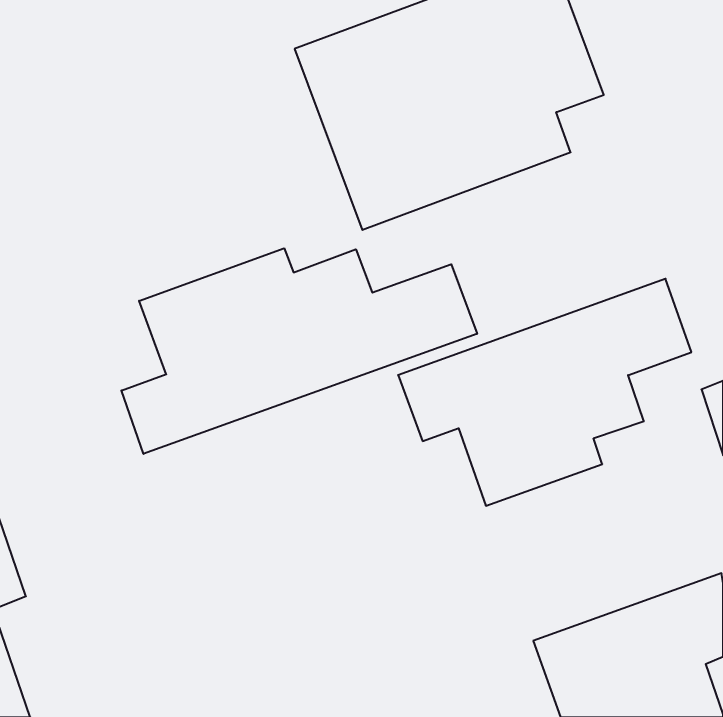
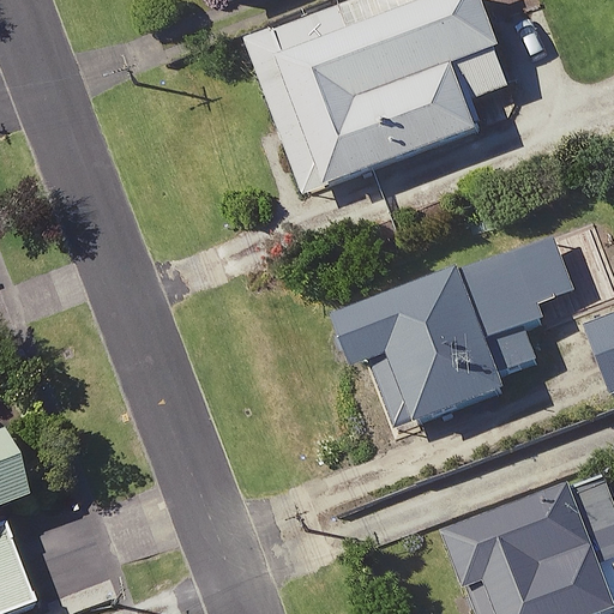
building: [121,248,477,454] -> none

